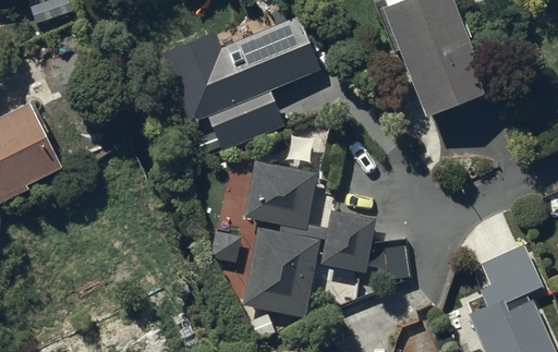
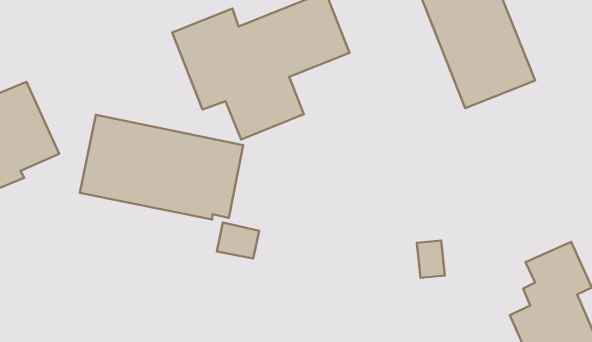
building: none -> [80,115,243,219]
building: [243,158,378,316] -> none

